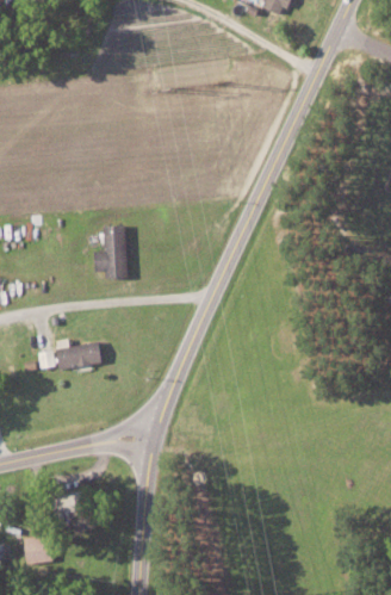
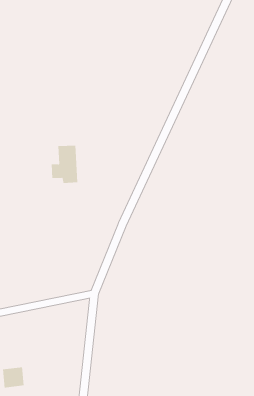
building: [36,340,103,373] -> none

